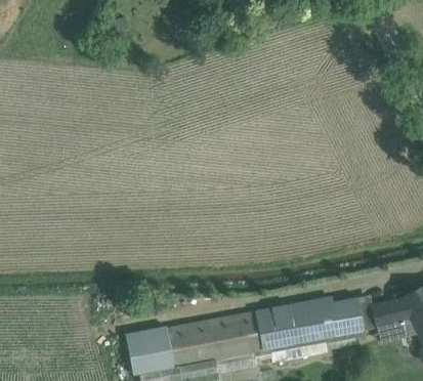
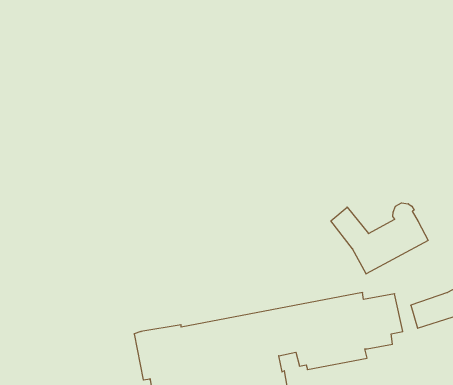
building: none -> [331,203,428,274]

